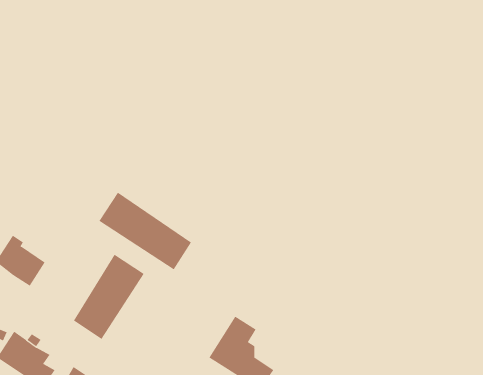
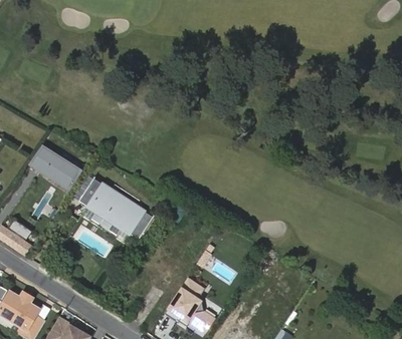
building: none -> [29,145,82,192]
building: [73,254,145,340] -> none

